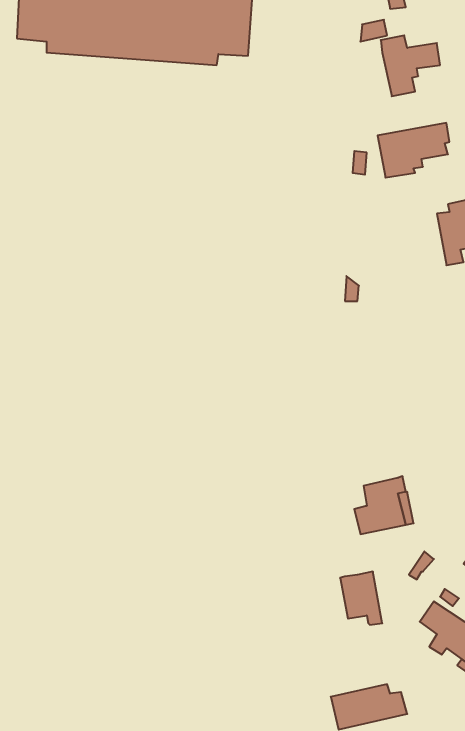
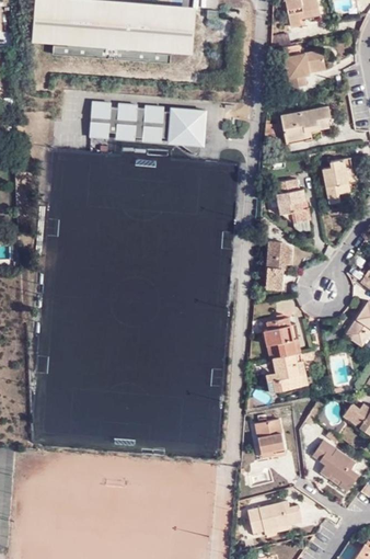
building: none -> [89,101,206,147]
building: none -> [278,178,312,221]
building: none -> [267,239,291,290]
building: none -> [264,318,300,358]

